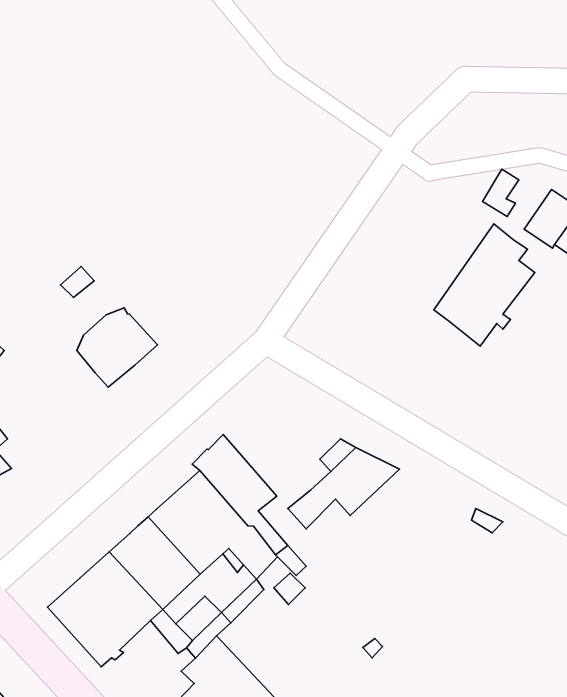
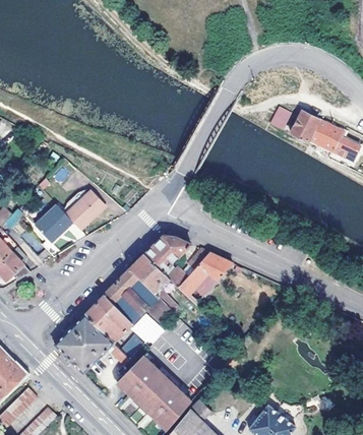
building: [434,224,535,346] -> none
building: none -> [34,204,72,243]
building: none -> [144,235,191,287]

